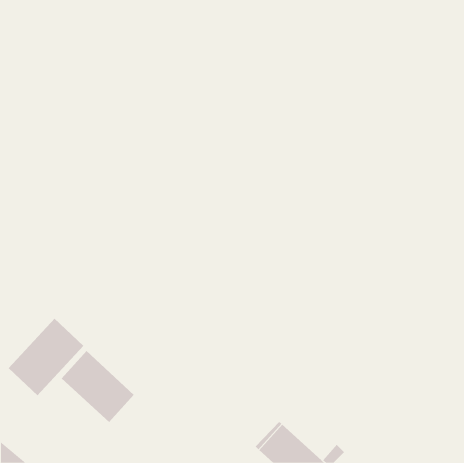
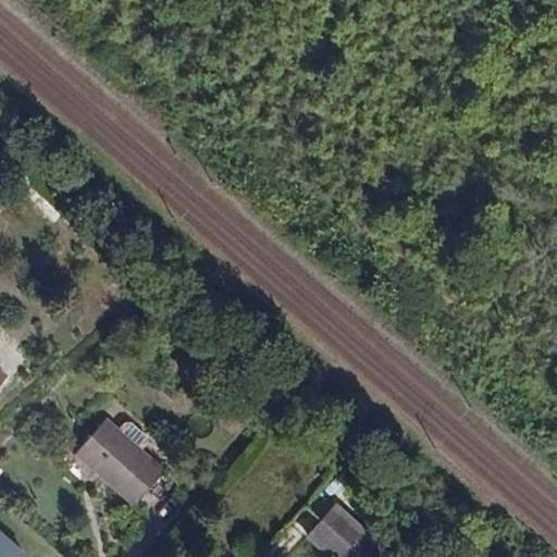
building: [8,318,84,396] -> none

